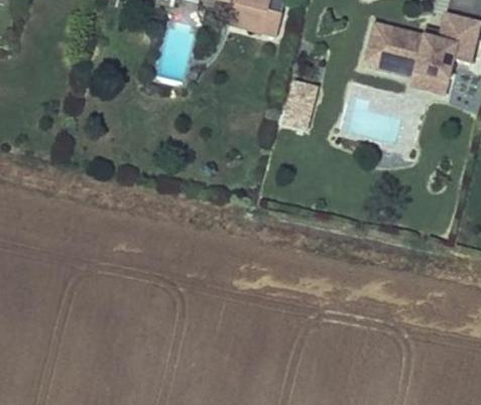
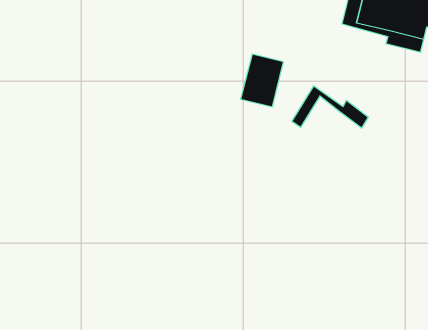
building: none -> [292,86,369,128]

